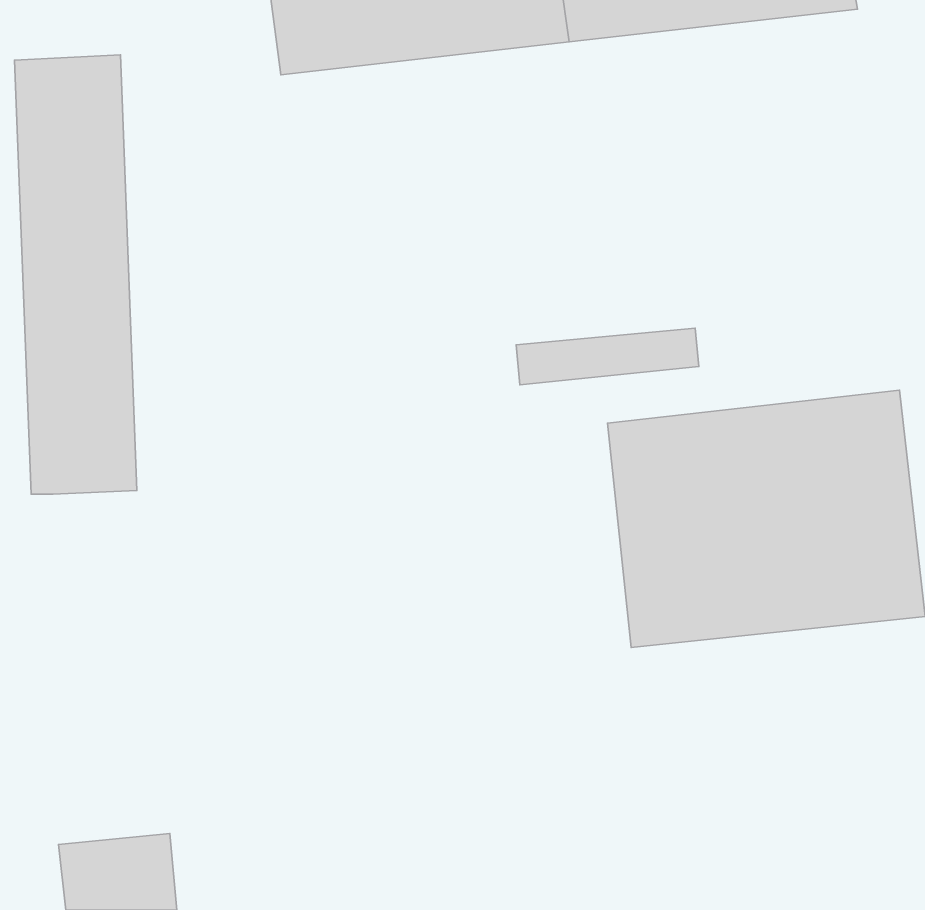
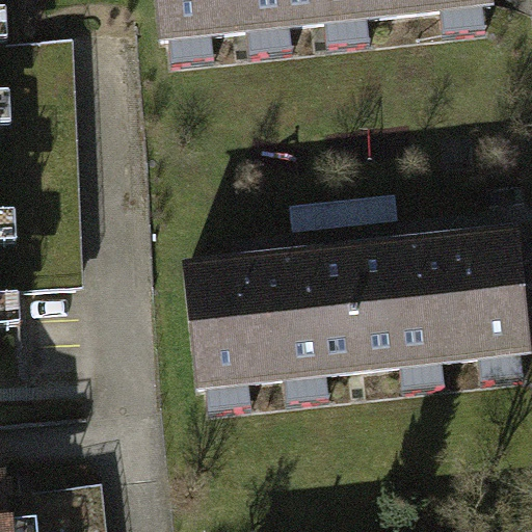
building: none -> [183,241,364,388]

